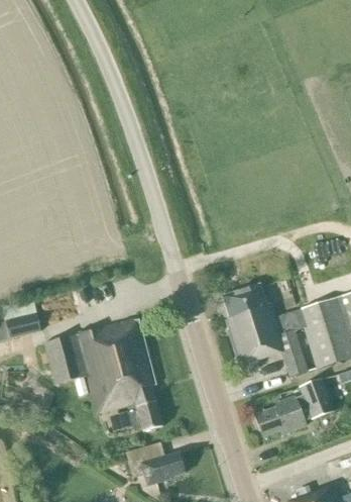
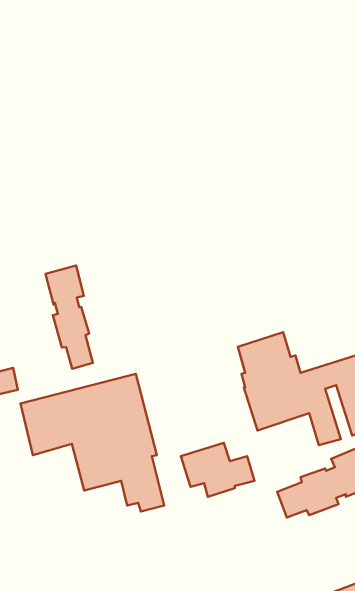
building: none -> [46,265,93,369]
building: [125,440,186,485] -> [181,443,254,497]

